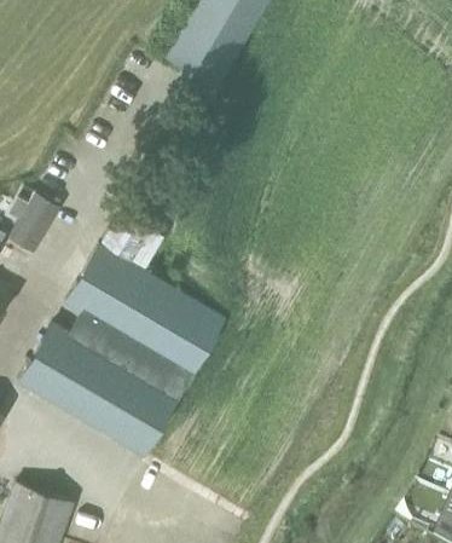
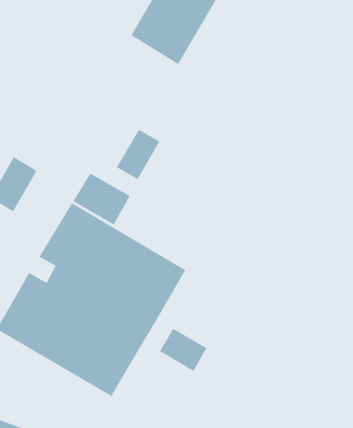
building: none -> [116,129,160,180]
building: none -> [159,328,207,372]

